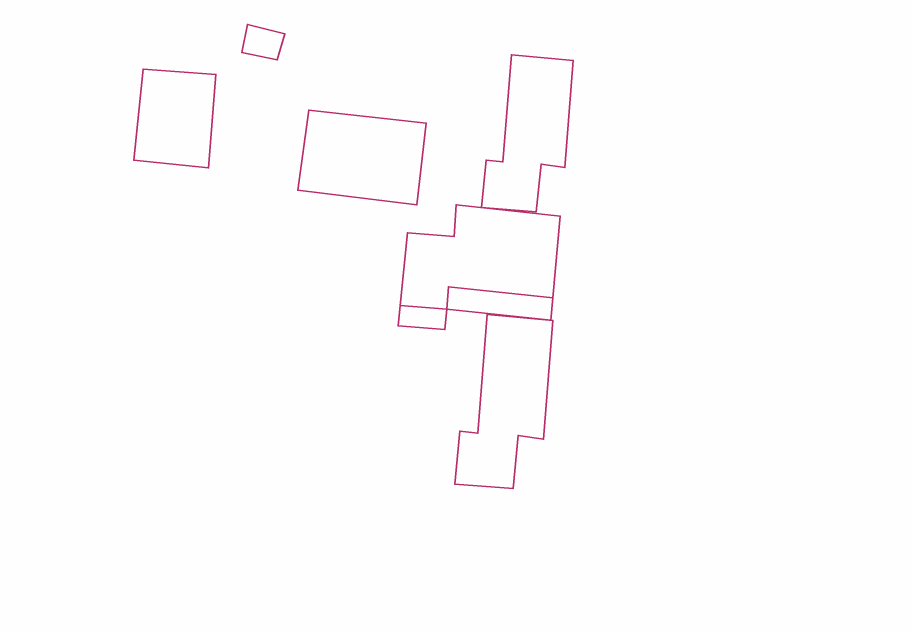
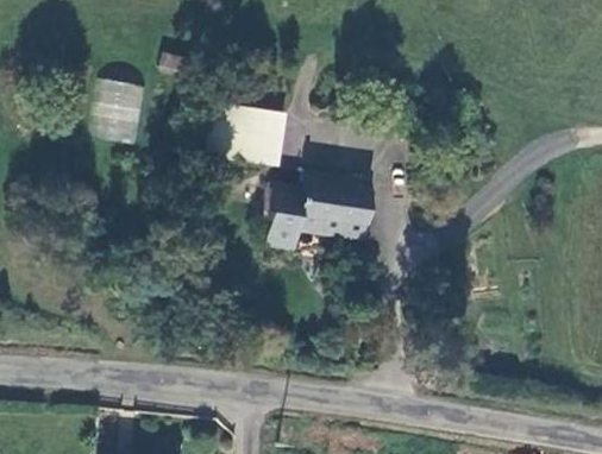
building: [481,55,573,212] -> none
building: [455,314,553,488] -> none

